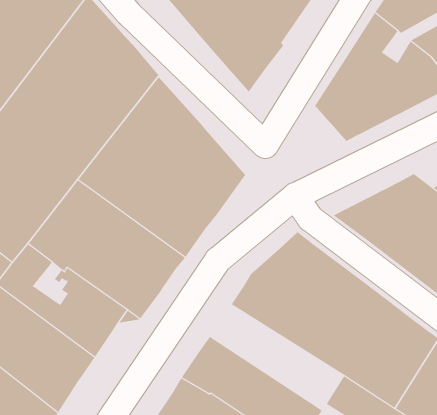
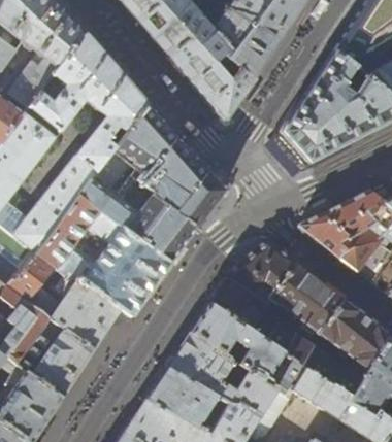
building: none -> [192,304,308,396]

